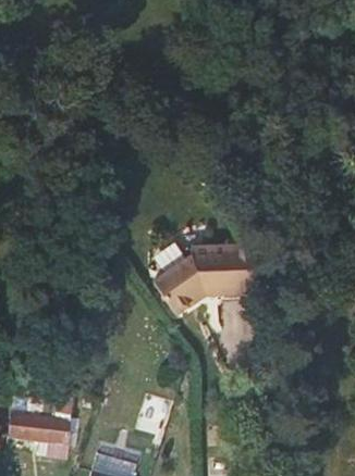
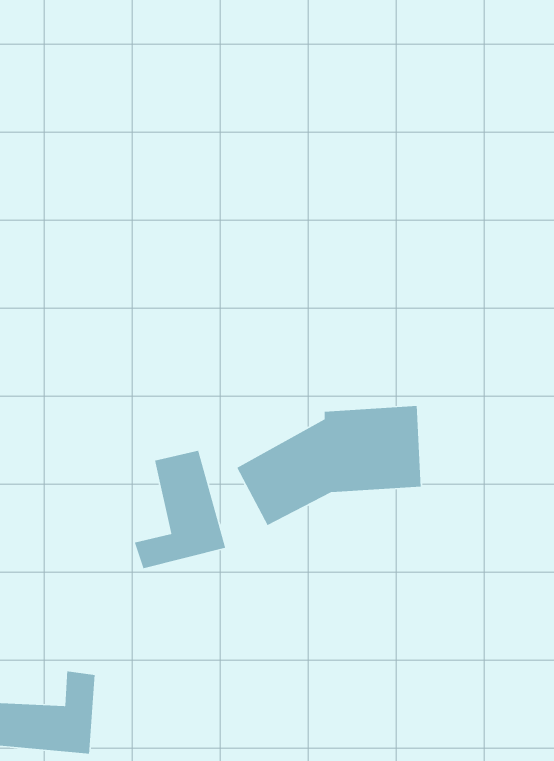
building: none -> [134,450,226,569]

